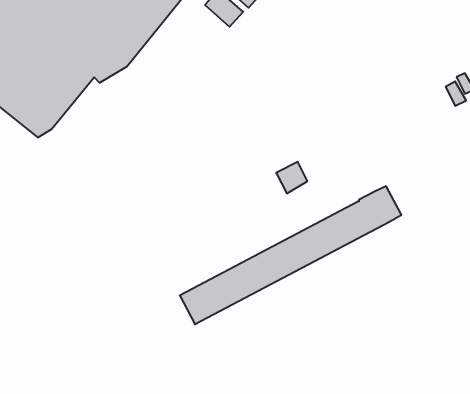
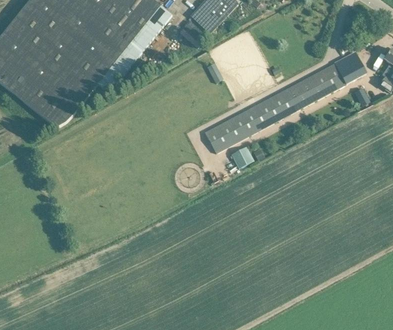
building: [180,186,401,324] -> [203,52,365,153]

